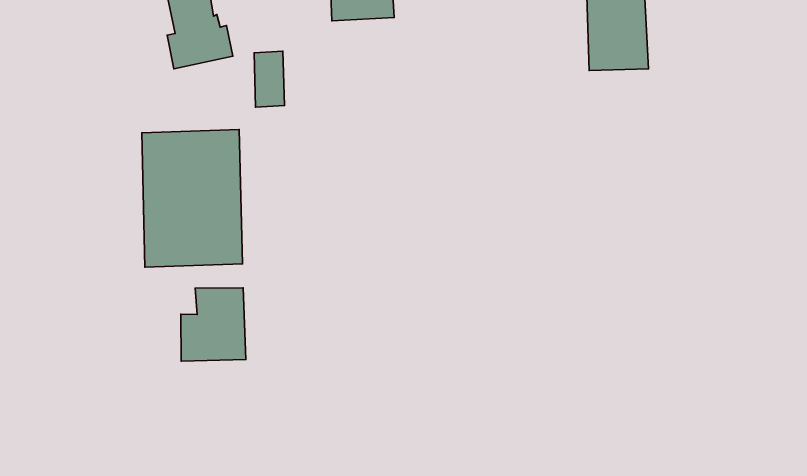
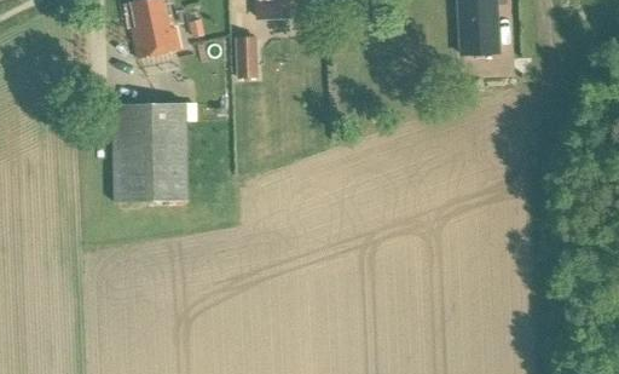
building: [254,51,284,107] -> [235,36,258,79]
building: [181,288,246,361] -> none

